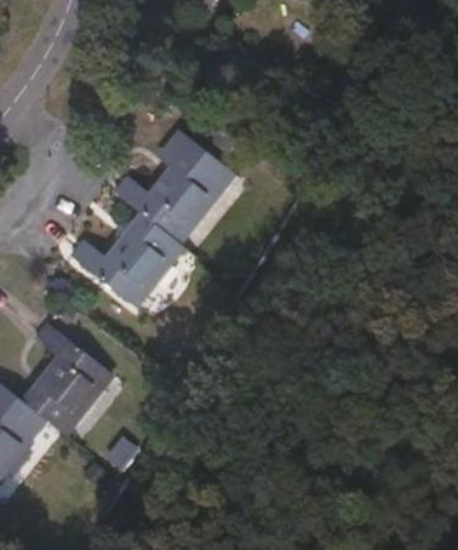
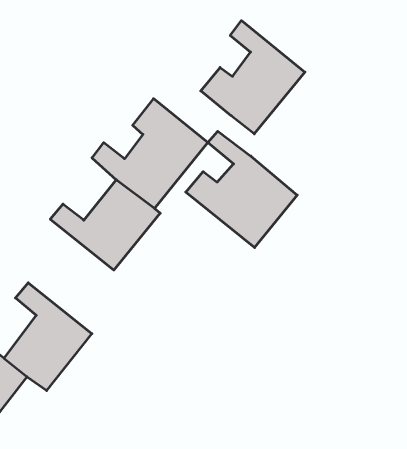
building: none -> [201,21,305,134]
building: none -> [186,131,297,248]

